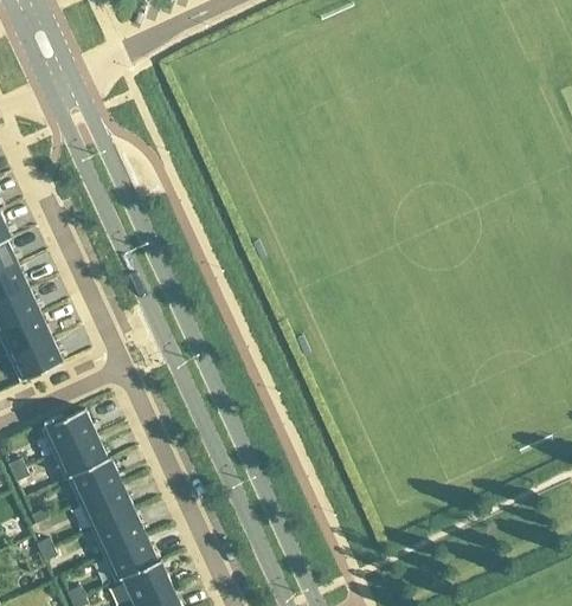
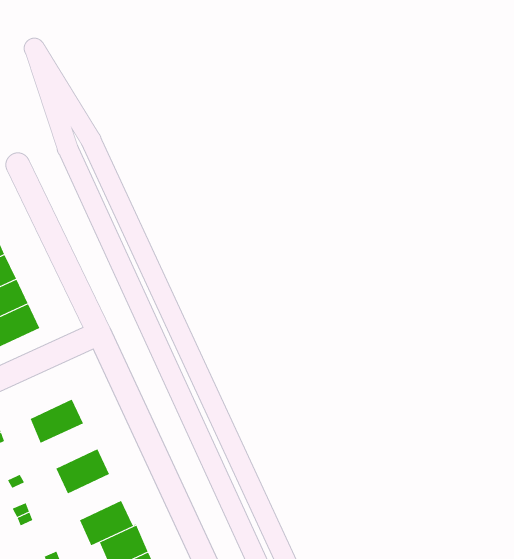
building: [41,408,96,453] -> none
building: [64,457,122,503] -> none
building: [91,509,146,555] -> none

